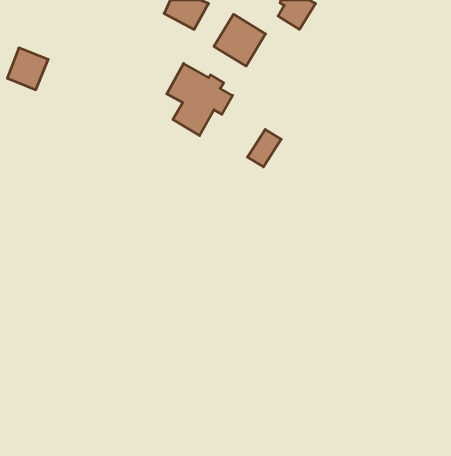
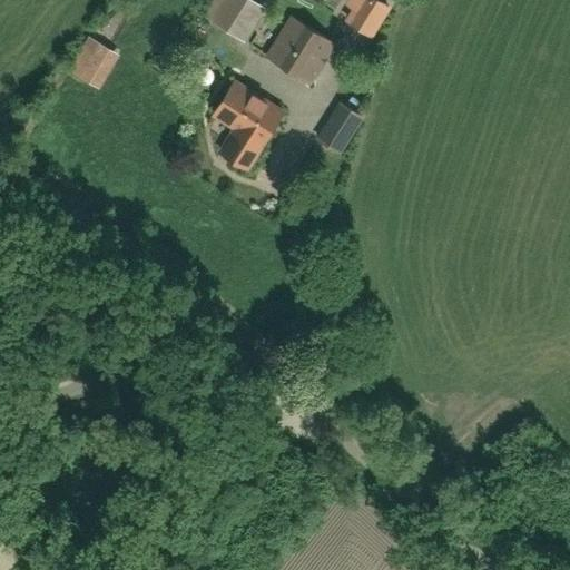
building: [7,48,48,90] -> [67,35,118,87]
building: [247,129,281,167] -> [317,106,360,153]

